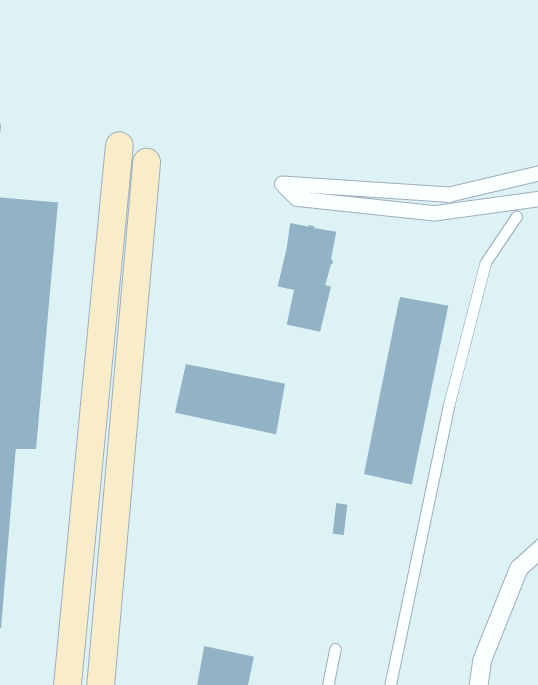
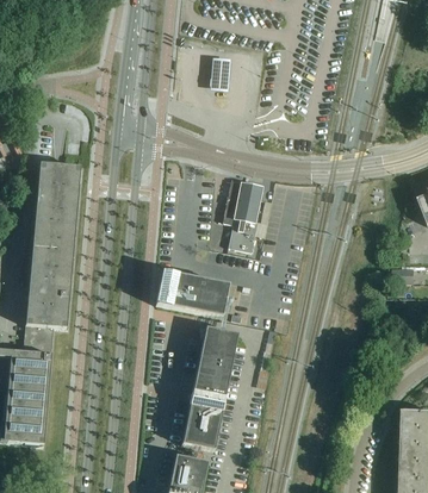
building: none -> [207,57,228,89]
building: [363,296,449,485] -> [181,327,237,450]

